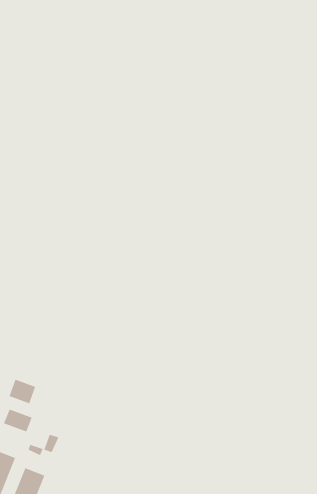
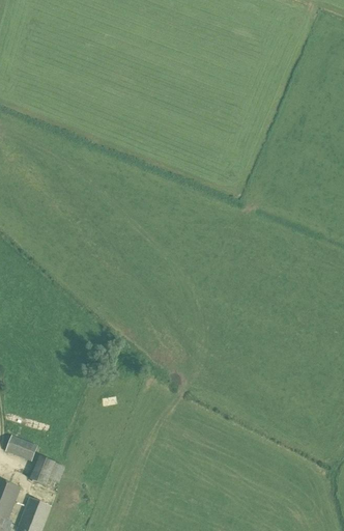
building: [9,379,36,404] -> none

